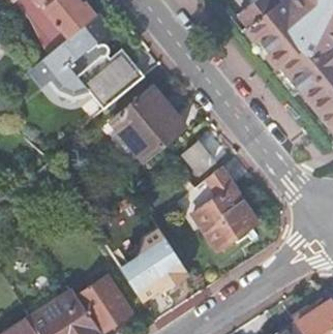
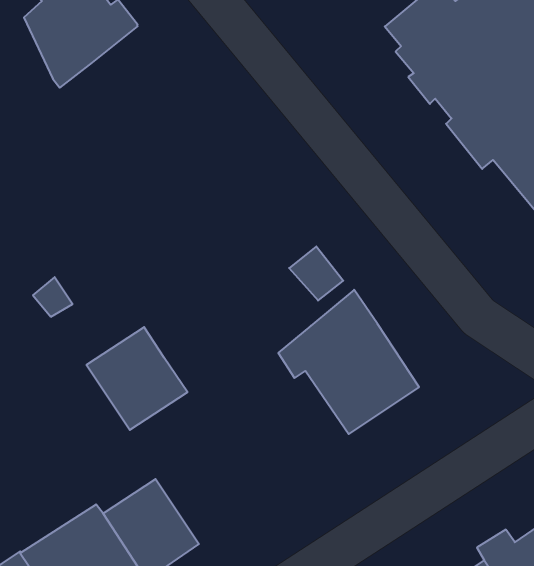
building: [31,16,145,109] -> none
building: [113,88,183,160] -> none
building: [132,237,190,296] -> [86,327,188,430]

